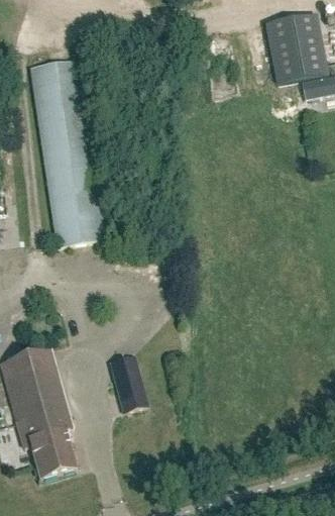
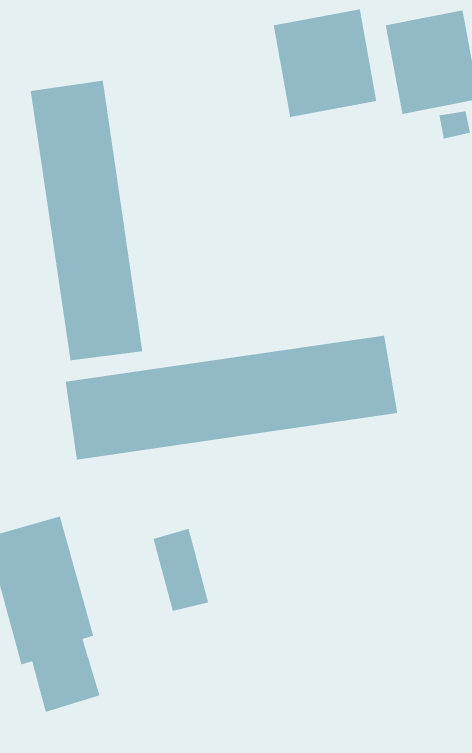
building: none -> [273,8,377,118]
building: none -> [65,335,398,460]

